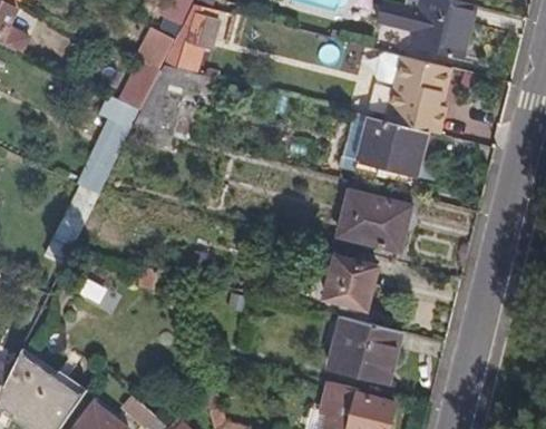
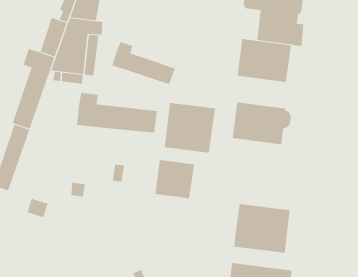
building: none -> [111,41,176,85]
building: none -> [76,92,157,133]
building: none -> [164,102,215,153]
building: [324,256,378,309] -> [154,159,195,199]

